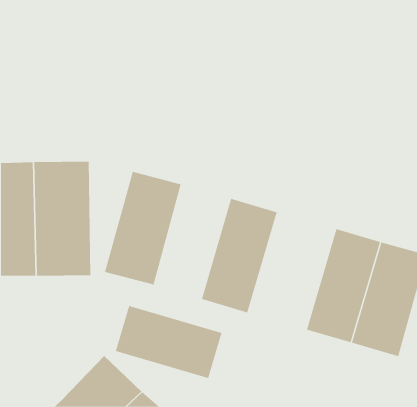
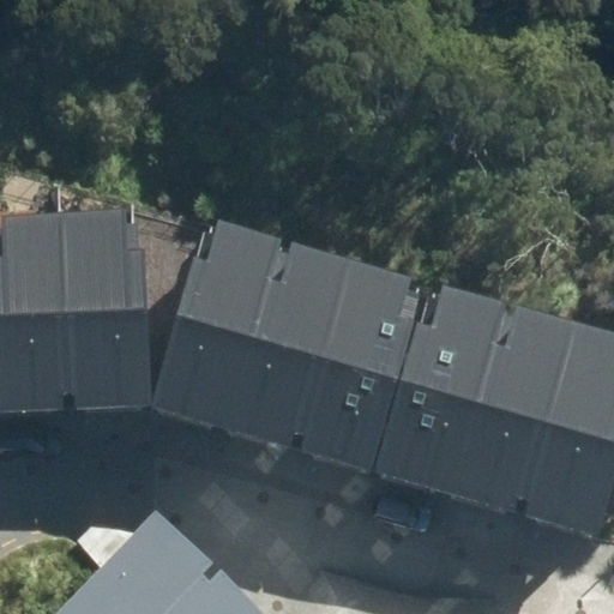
building: none -> [229,269,341,437]
building: none -> [381,313,494,481]
building: [115,305,222,379] -> none

